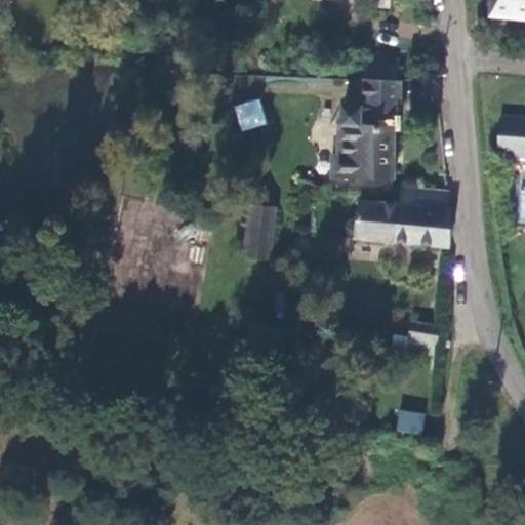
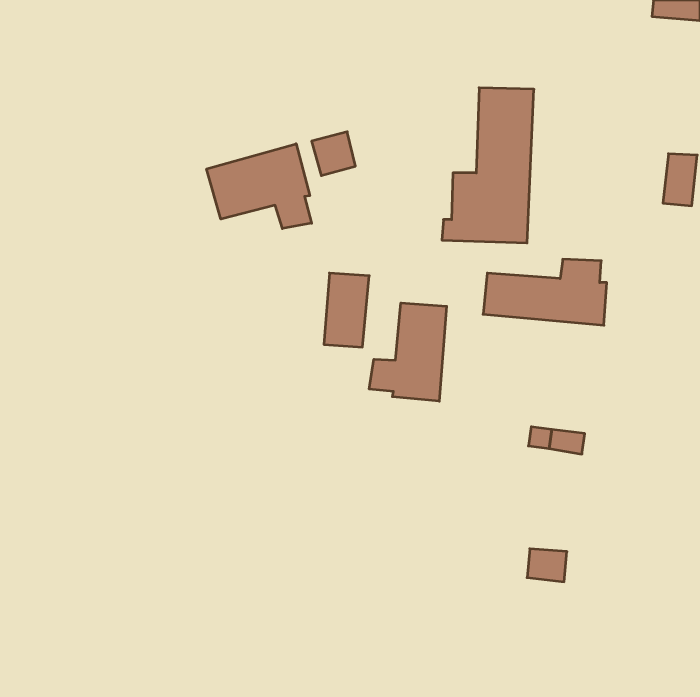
building: none -> [207,144,312,229]
building: none -> [369,303,447,401]

